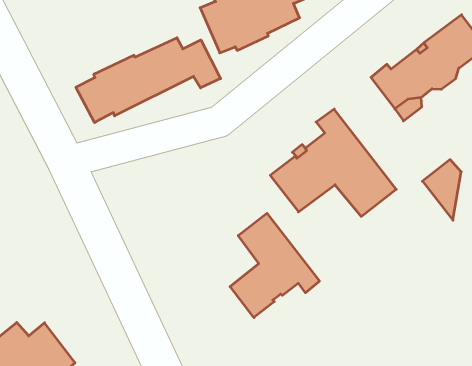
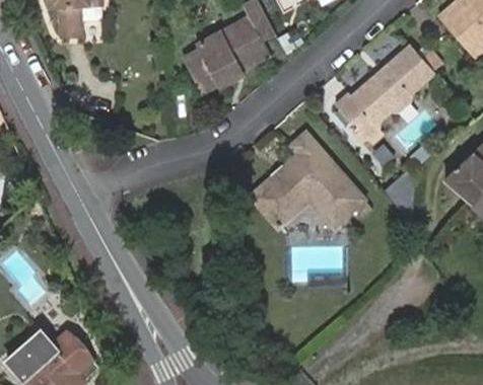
building: [76,38,221,123] -> none
building: [230,213,319,318] -> none

